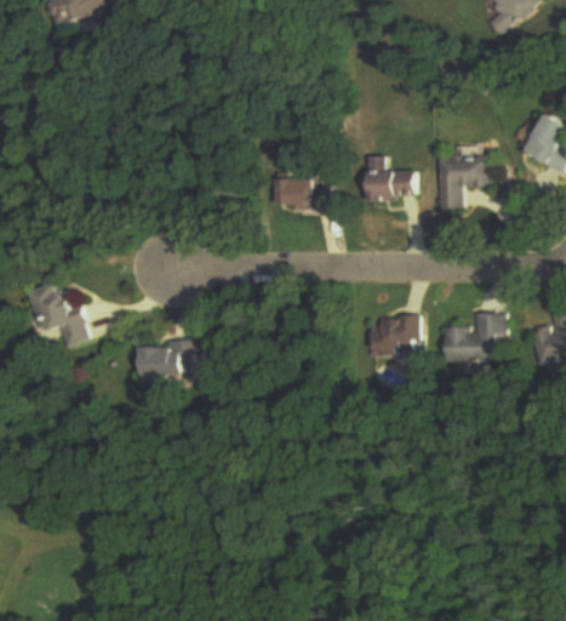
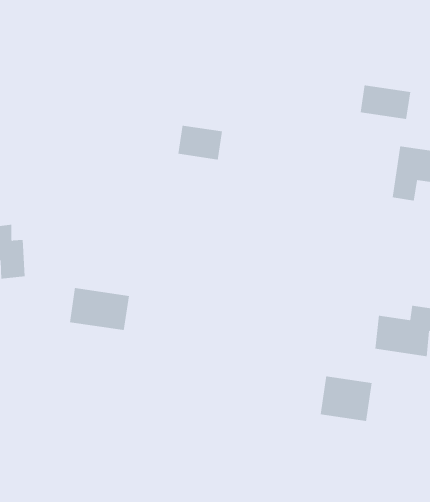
building: [367,171,415,199] -> [360,85,411,119]
building: [275,178,316,207] -> [178,125,223,160]
building: [367,315,415,354] -> [320,376,373,421]

